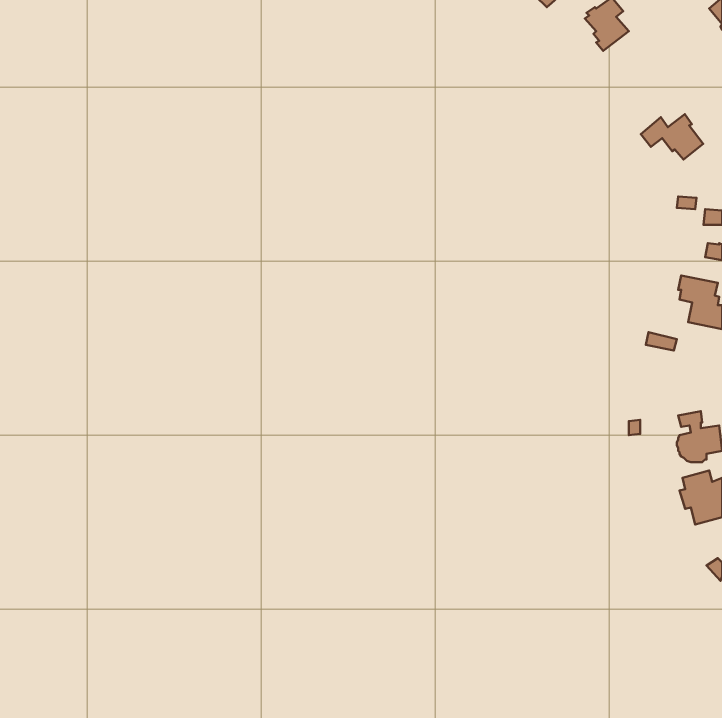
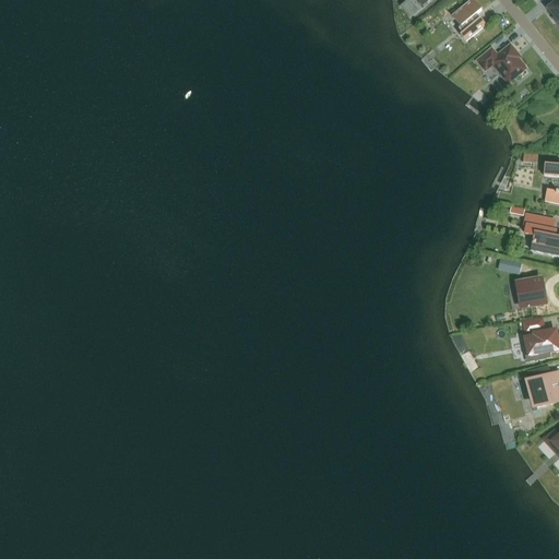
building: [641,114,703,160] -> [477,44,525,79]
building: none -> [520,276,546,305]

